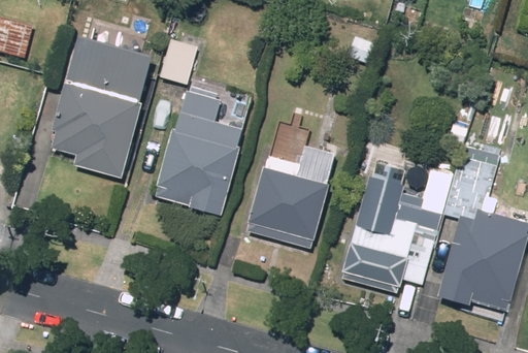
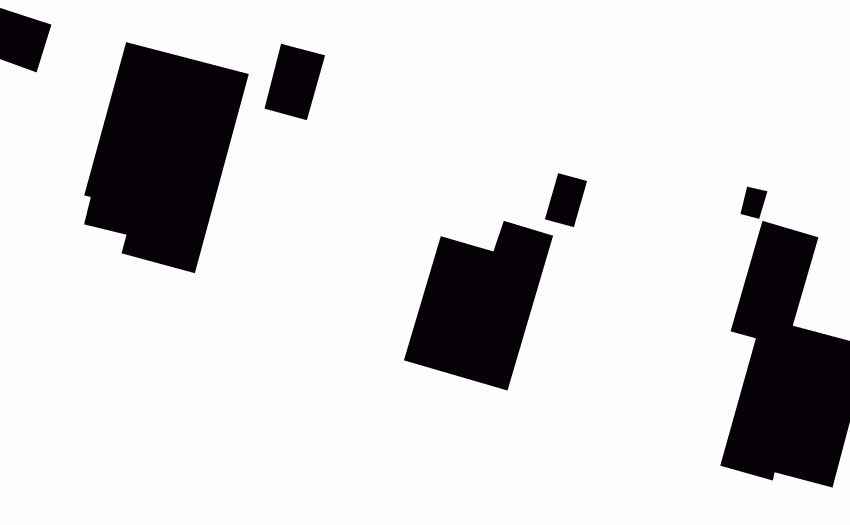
building: [155,90,244,215] -> none
building: [341,178,435,286] -> none

